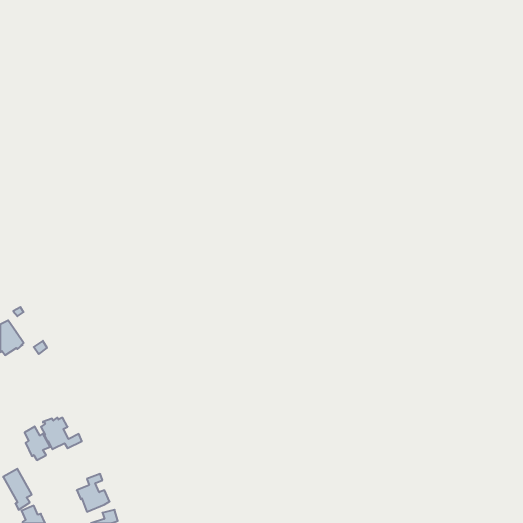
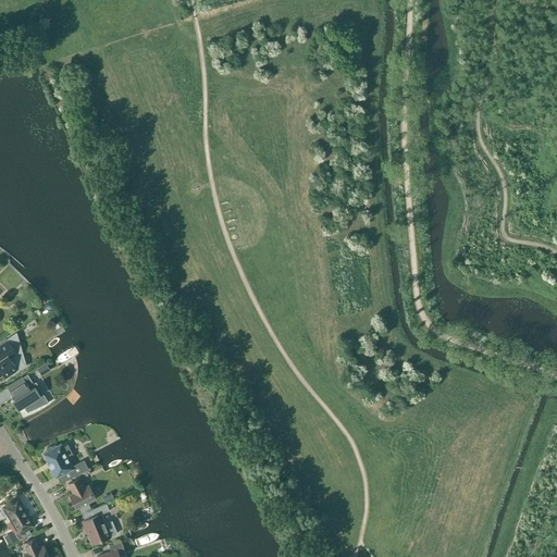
building: none -> [7,374,40,410]
building: [25,426,50,460] -> [69,478,96,513]

